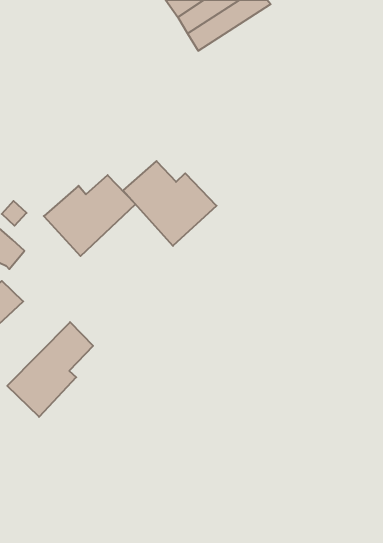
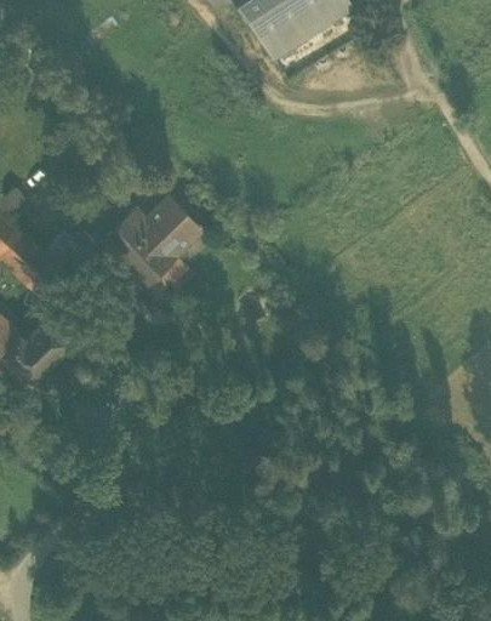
building: [123,161,217,246] -> none
building: [7,322,93,417] -> none

